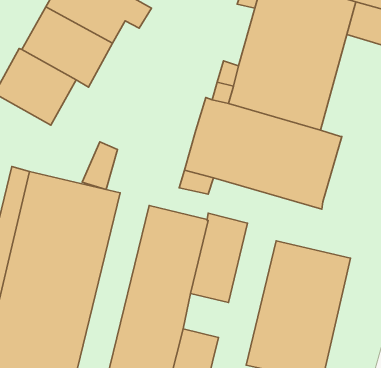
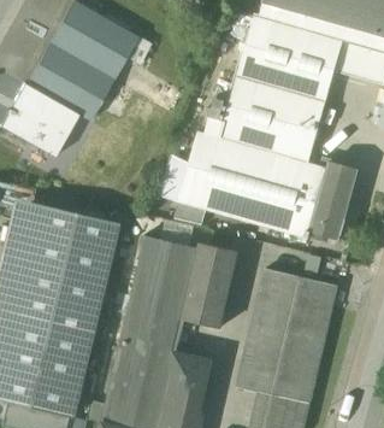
building: none -> [312,160,359,239]
building: [82,142,117,190] -> [156,154,190,200]

